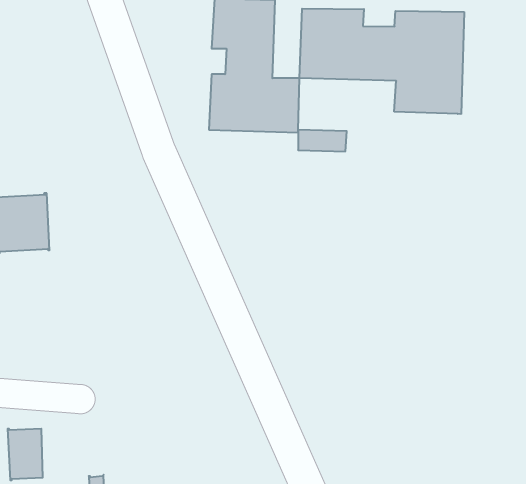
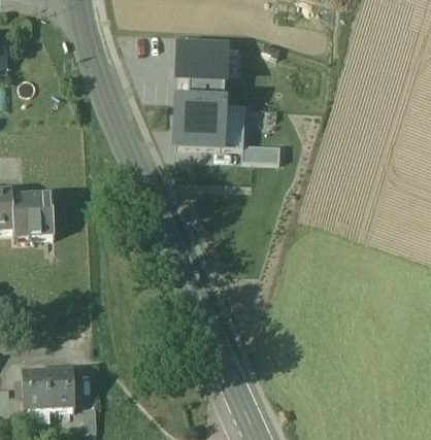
building: [299,9,464,114] -> none
building: none -> [47,369,74,407]

